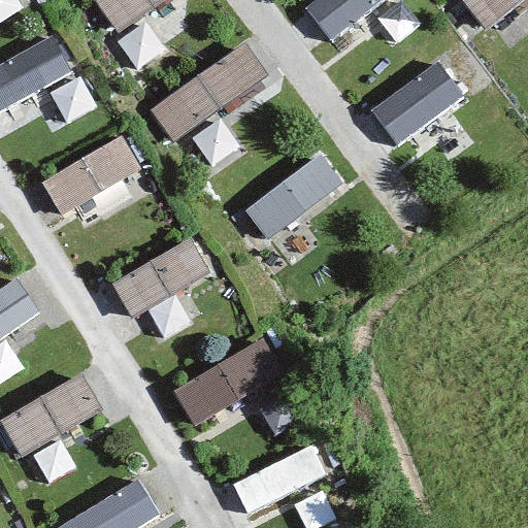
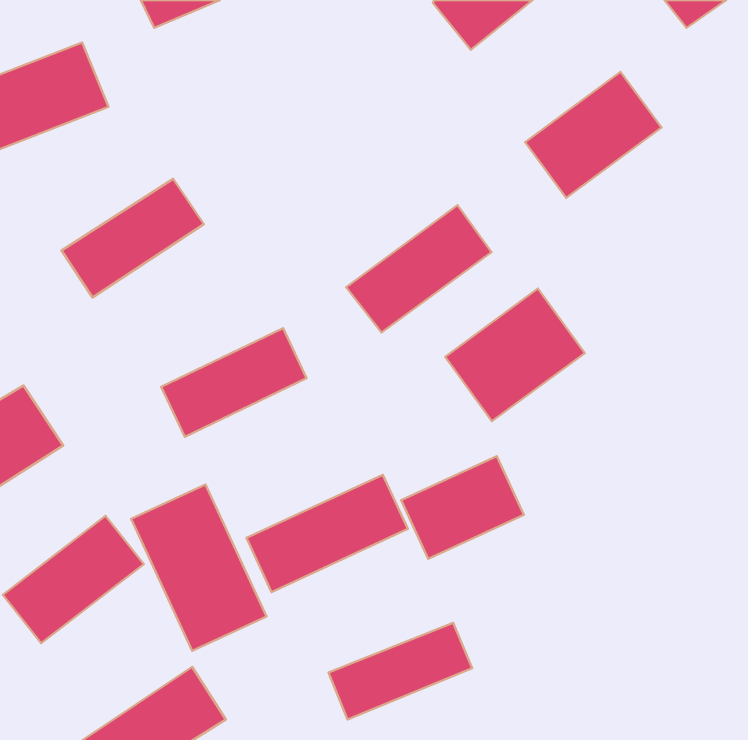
building: [147,43,270,145] -> none
building: none -> [445,289,585,421]
building: none -> [401,456,524,559]
building: none -> [131,484,267,651]

